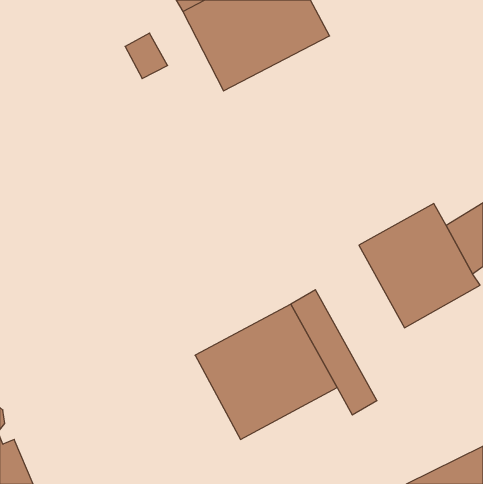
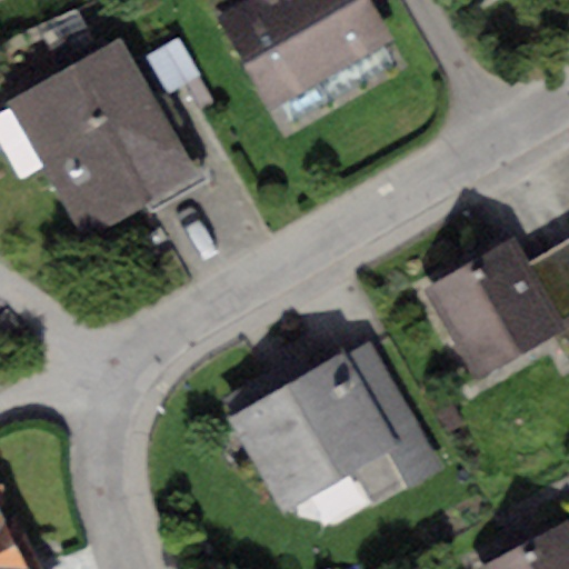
building: none -> [6,37,207,236]

